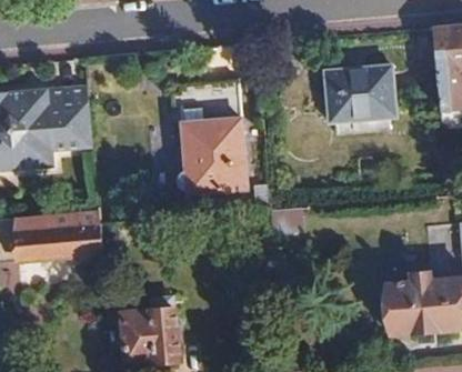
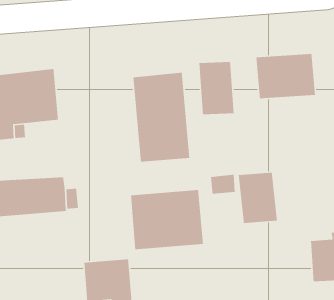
building: none -> [199,61,234,115]
building: none -> [238,172,278,224]
building: none -> [130,189,204,250]

